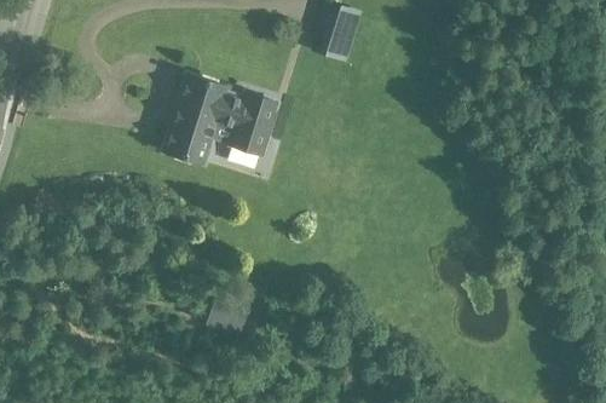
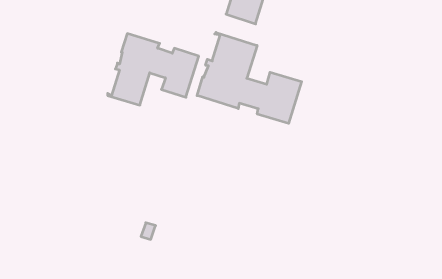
building: none -> [197,32,302,123]

